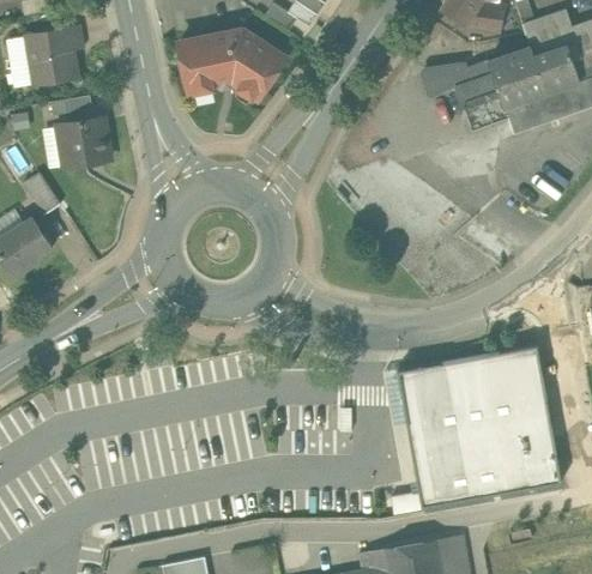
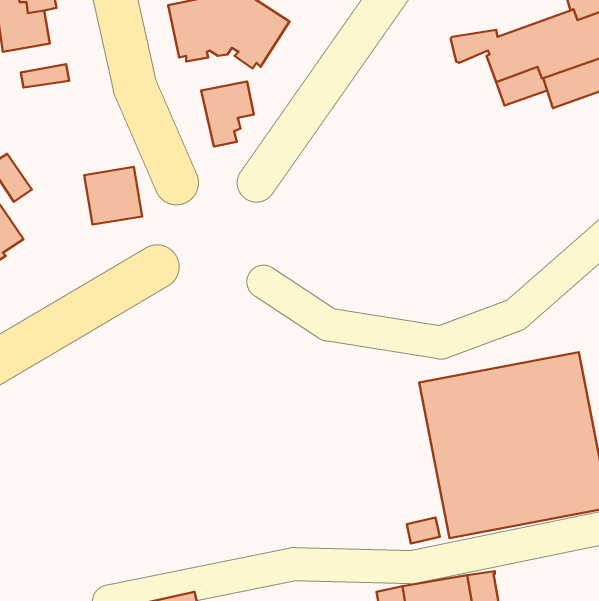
building: none -> [201,82,254,146]
building: [59,117,109,168] -> [84,167,142,225]

